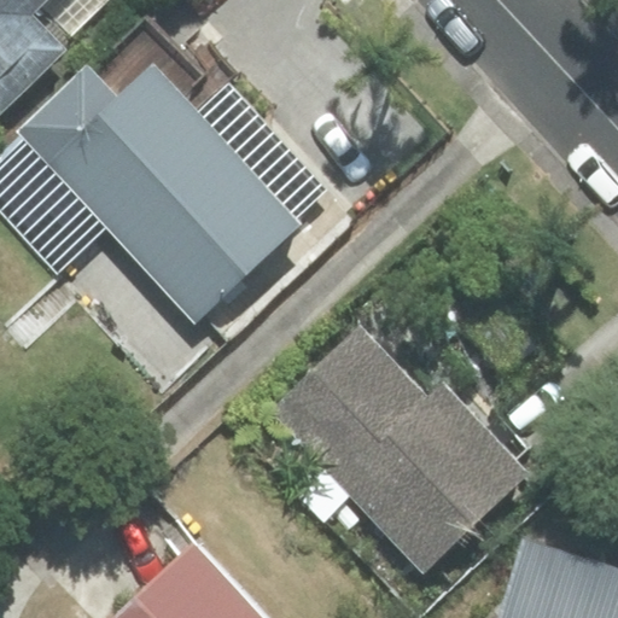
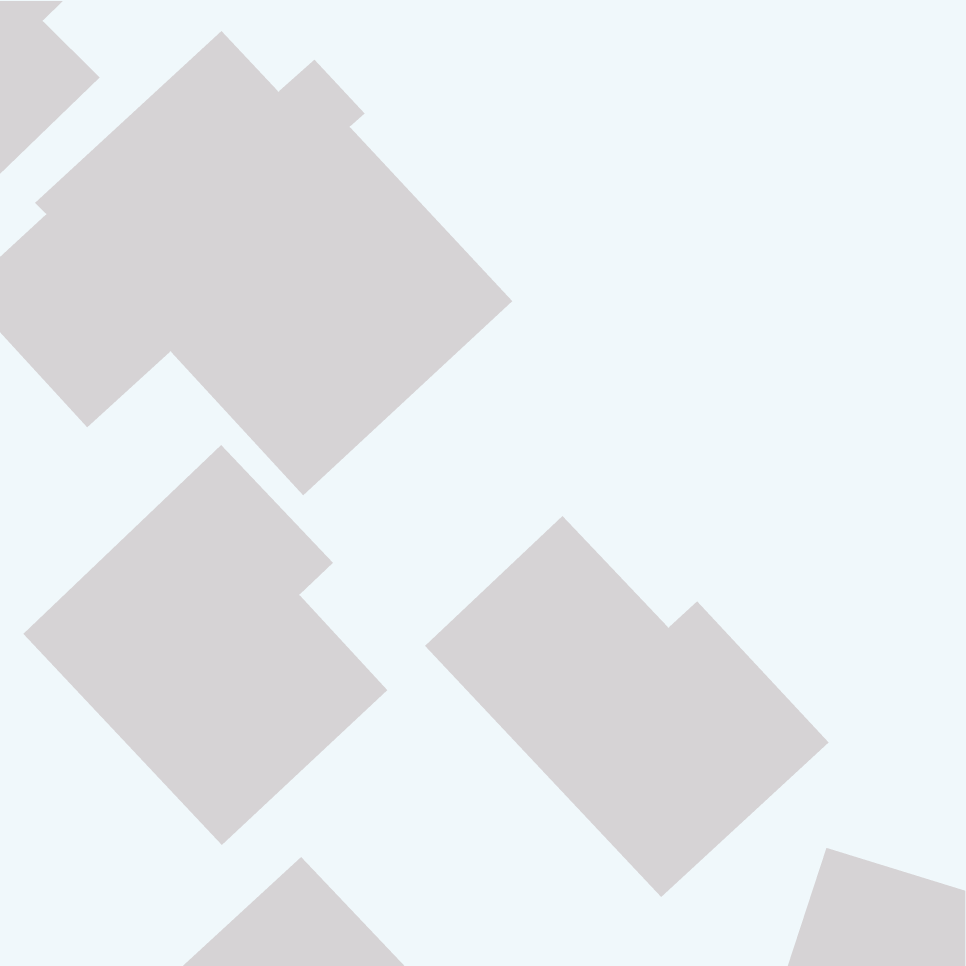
building: none -> [22,444,388,846]

